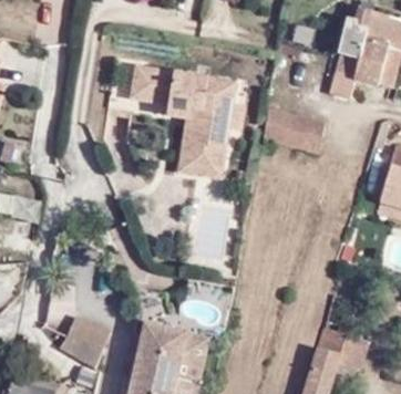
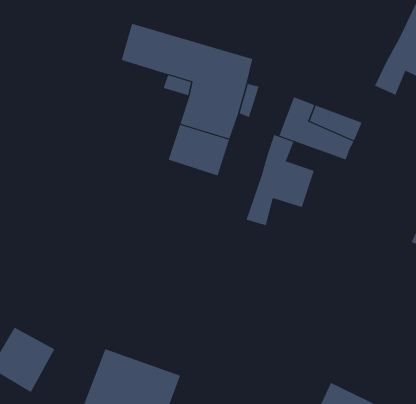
building: none -> [246,134,315,226]

